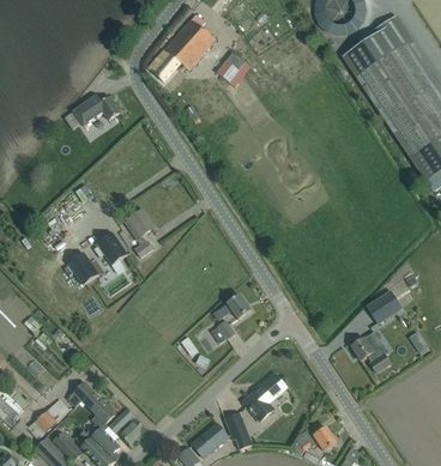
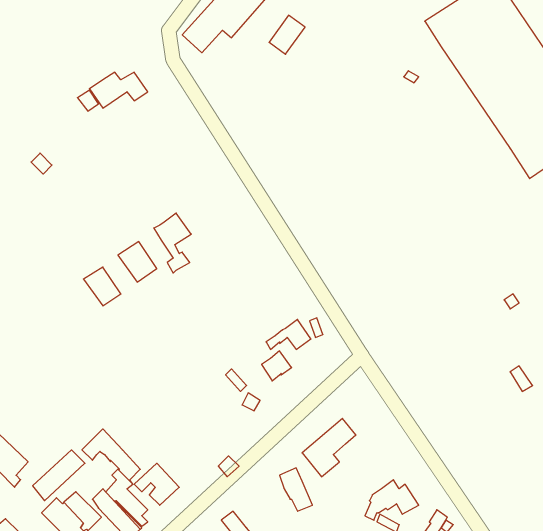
building: [357,292,392,326] -> none
building: [351,332,391,373] -> none
building: [192,423,228,458] -> none

